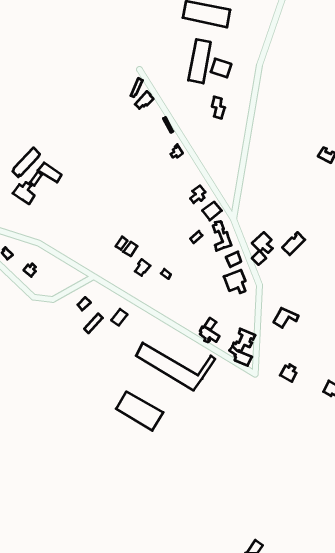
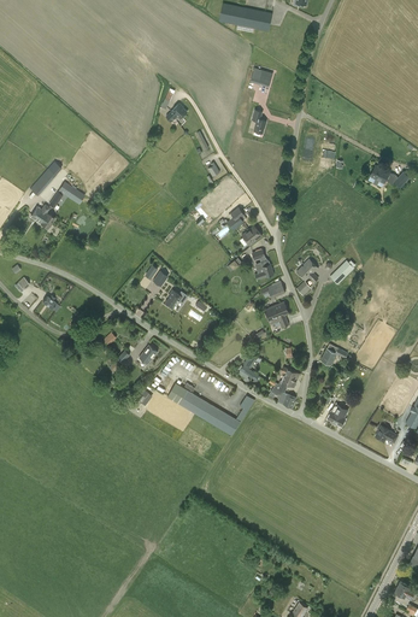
building: [188,39,210,83] -> none
building: [116,392,163,431] -> none

